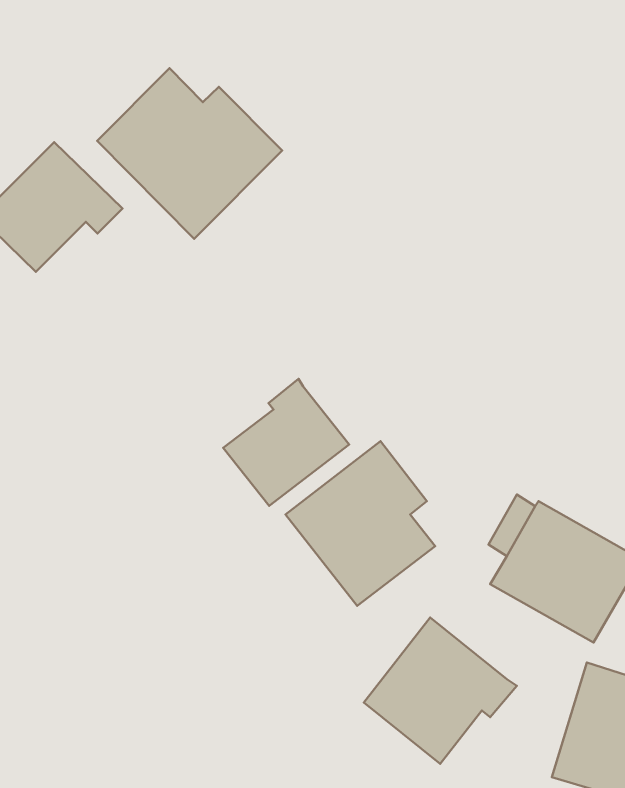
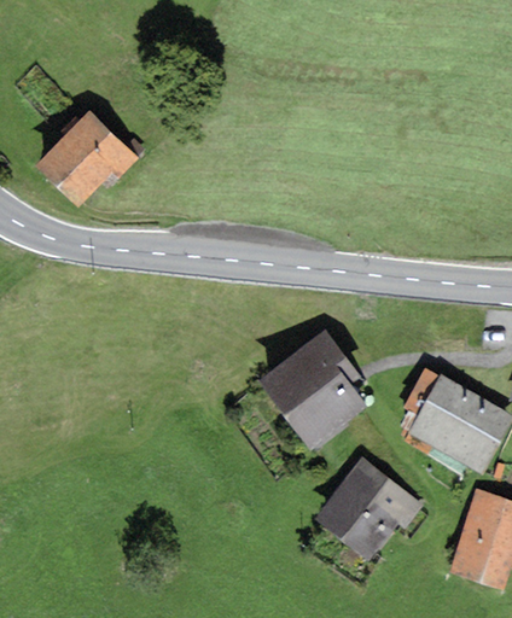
building: [97,68,282,239] -> none
building: [223,379,349,506] -> none

